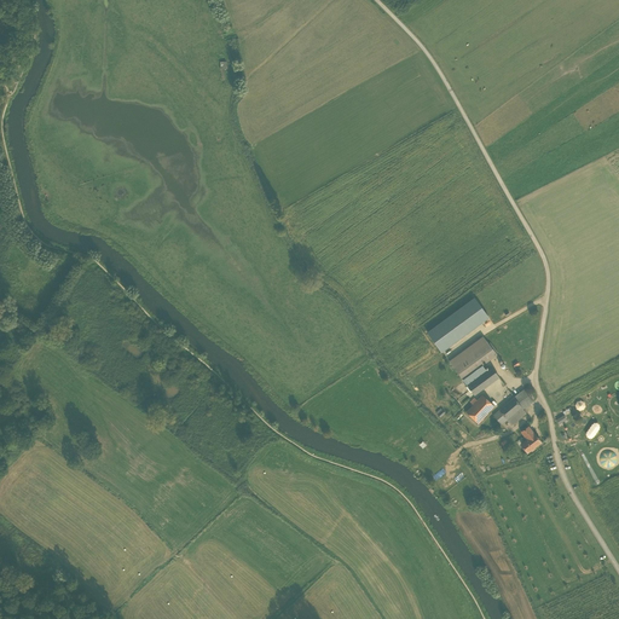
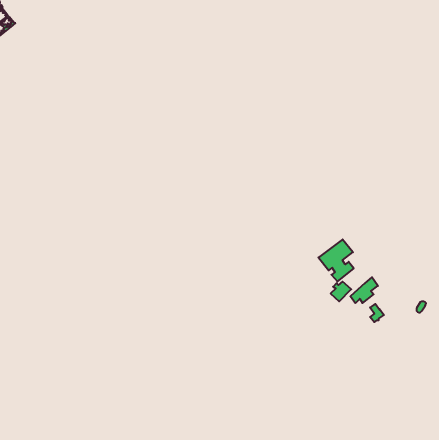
building: [426,297,487,353] -> none

